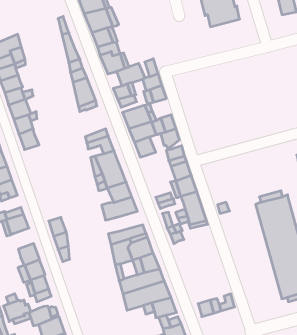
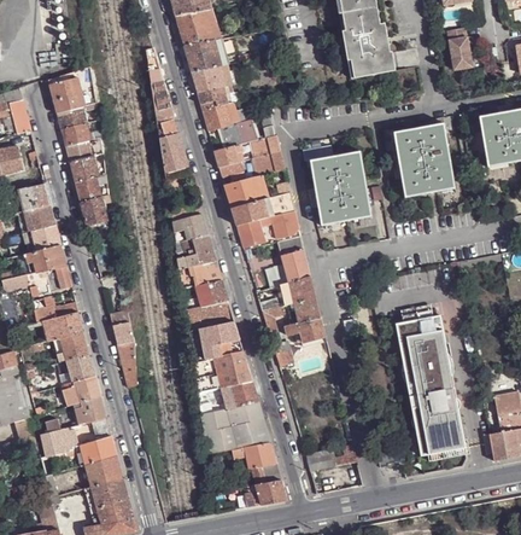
building: none -> [393,123,455,197]
building: none -> [310,151,370,225]
building: none -> [204,321,240,347]
building: none -> [62,332,89,360]

